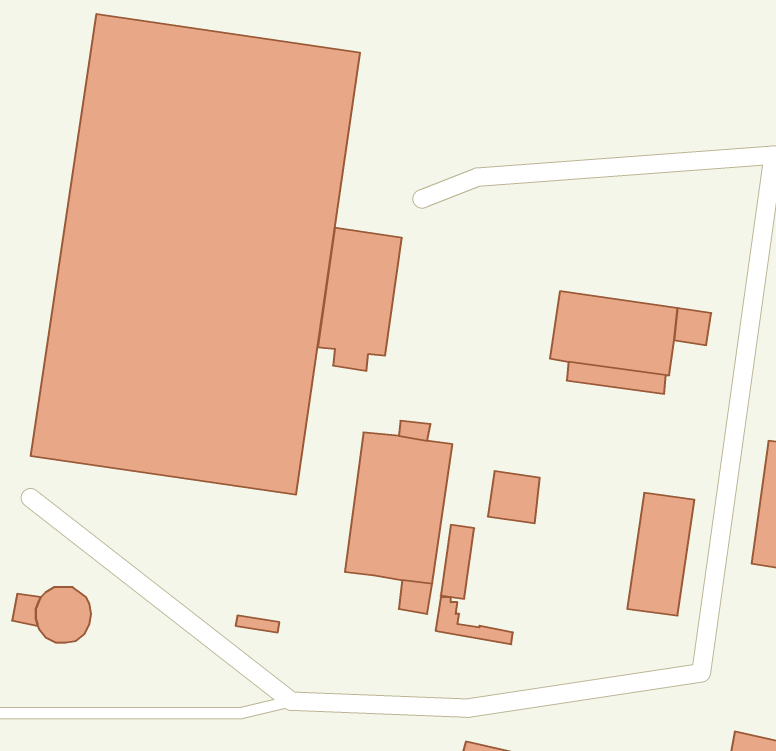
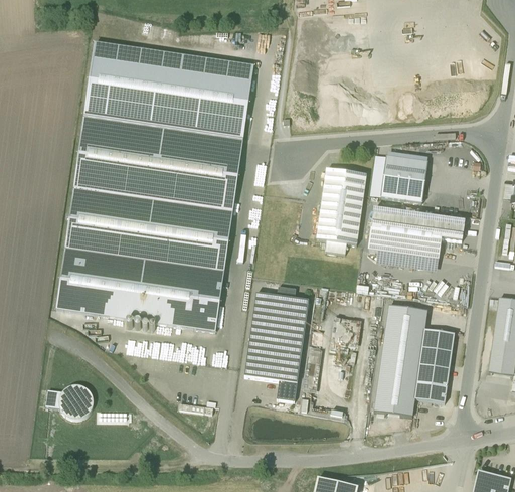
building: none -> [380,154,427,200]
building: [318,228,402,371] -> [316,166,366,252]
building: none -> [371,303,426,415]

